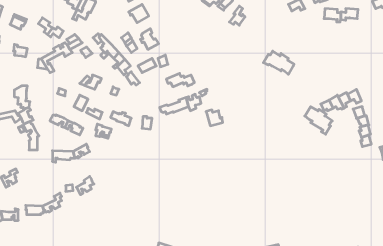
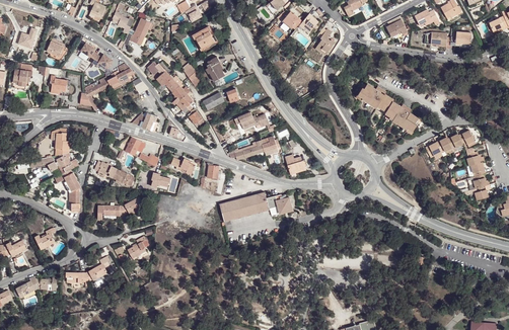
building: [305,107,332,134] -> [385,101,419,135]
building: none -> [220,192,294,222]

